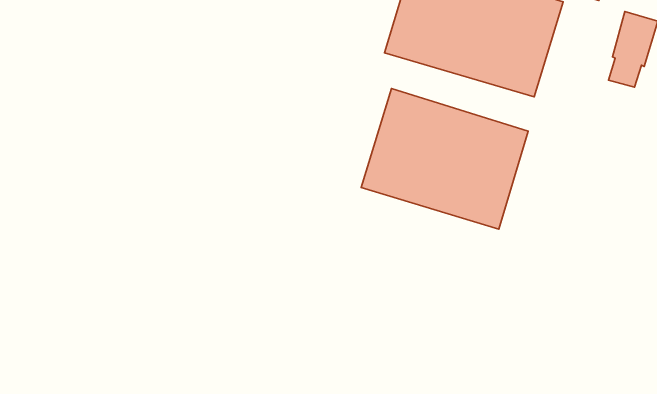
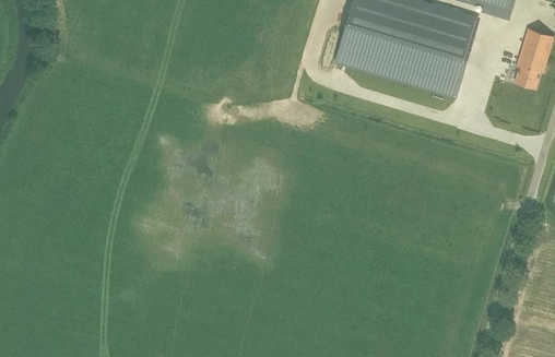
building: [361,88,528,229] -> none

